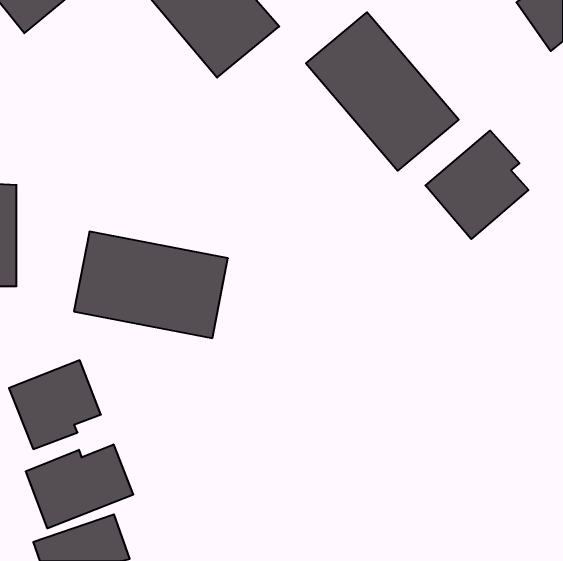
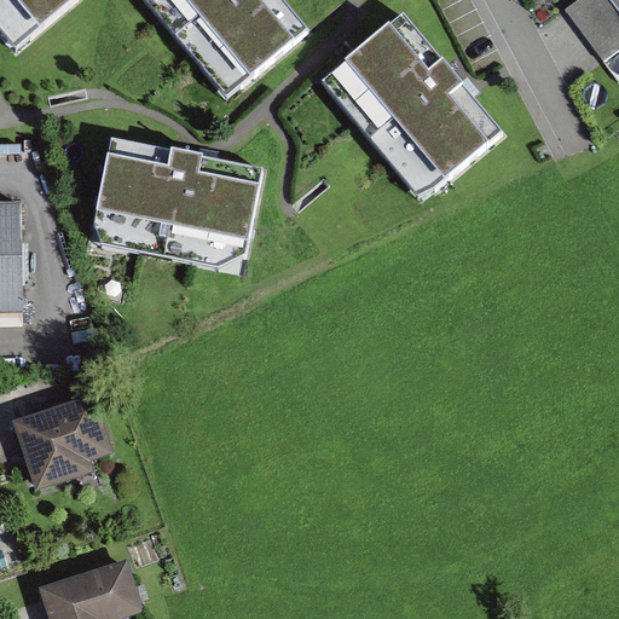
building: [425,131,528,239] -> none
building: [74,232,228,338] -> [92,138,260,254]
building: [26,444,133,528] -> none

